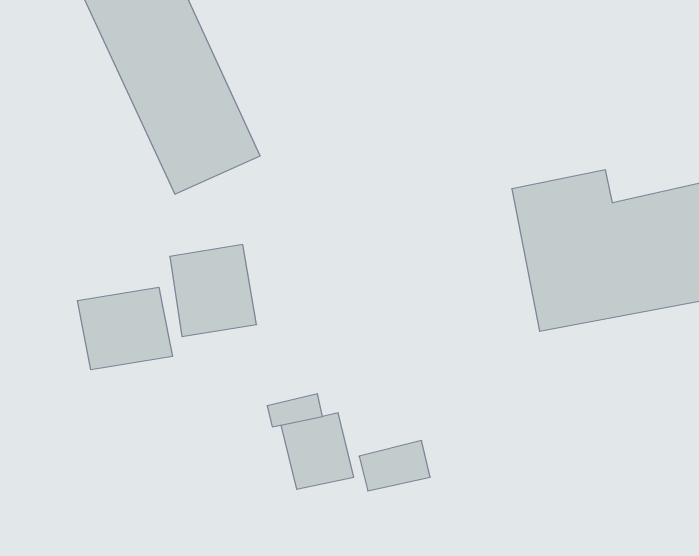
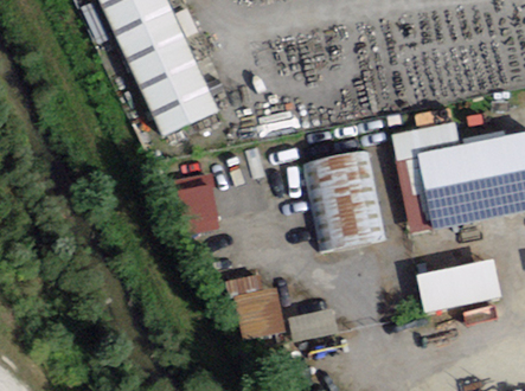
building: none -> [305,152,384,251]
building: [77,287,172,370] -> none
building: none -> [417,259,501,313]

